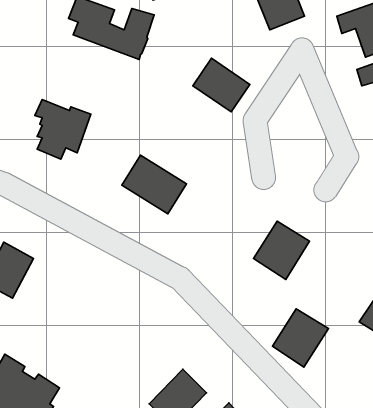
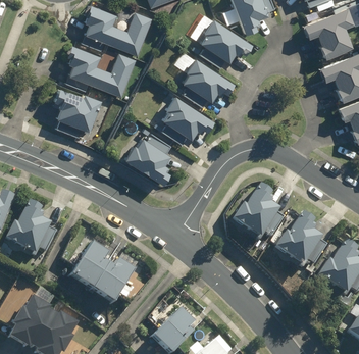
building: none -> [200,18,247,62]
building: none -> [64,44,135,96]
building: none -> [163,97,211,142]
building: none -> [72,243,137,303]
building: [273,309,329,367] -> [277,217,323,265]

